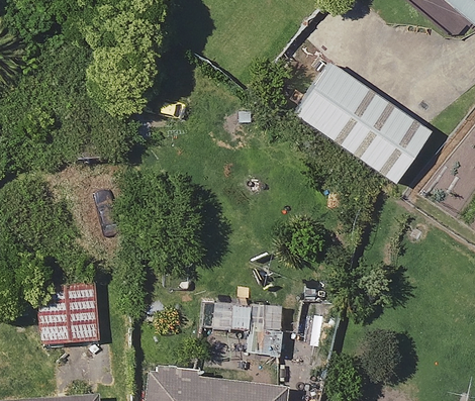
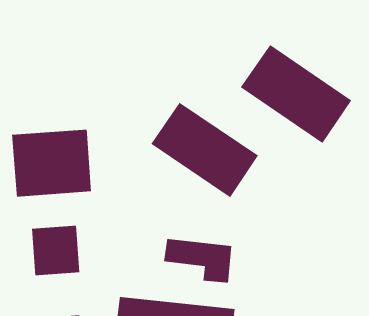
building: none -> [150,102,259,198]
building: none -> [12,129,91,198]

